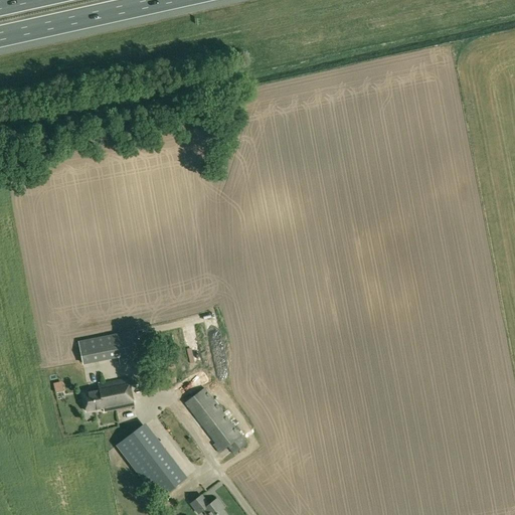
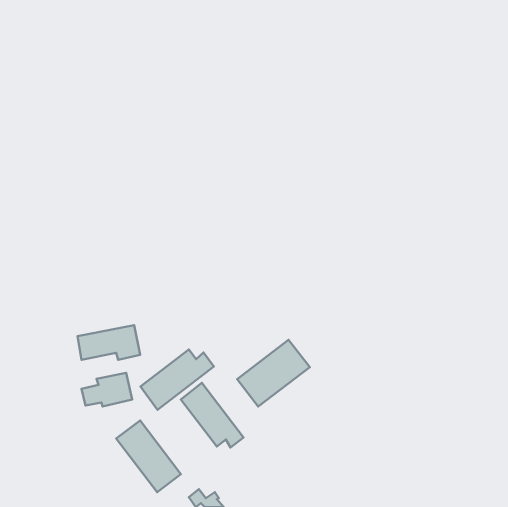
building: none -> [237,340,310,407]
building: none -> [141,350,214,410]

